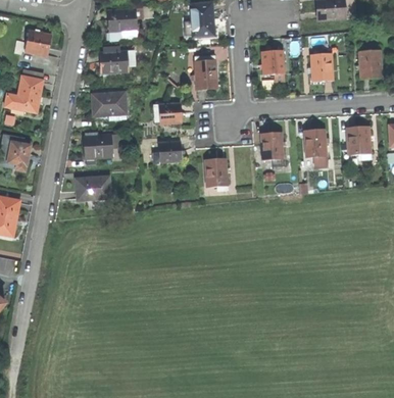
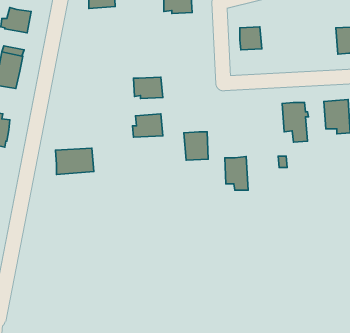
building: [100,48,128,73] -> none
building: [309,53,334,82] -> none
building: [195,57,219,88] -> none
building: [92,92,126,119] -> none
building: [262,130,286,163] -> [225,157,248,190]
building: [84,134,116,157] -> none

